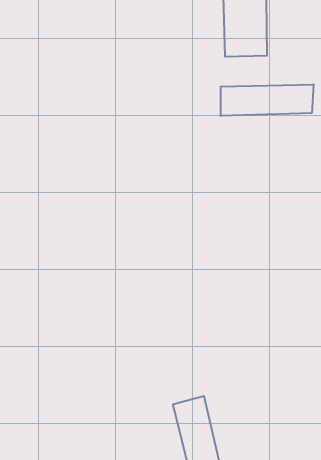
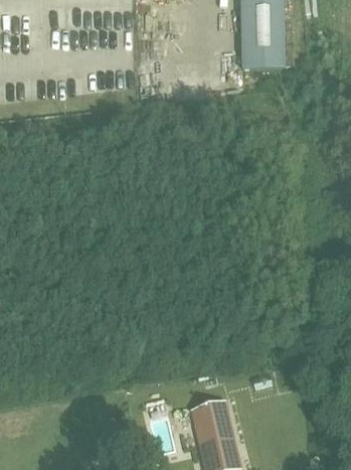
building: [221,84,313,116] -> none

